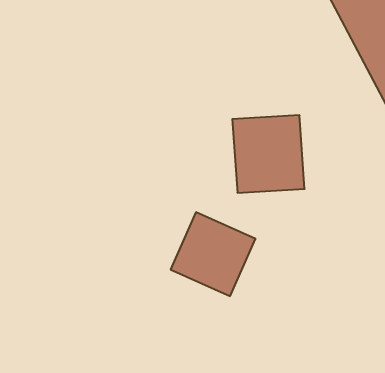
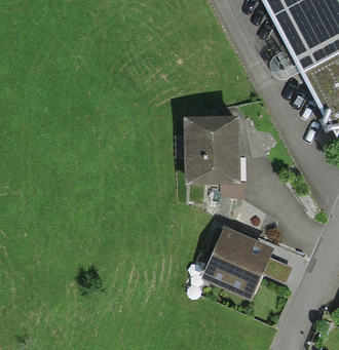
building: [171,212,256,296] -> [210,228,278,296]

